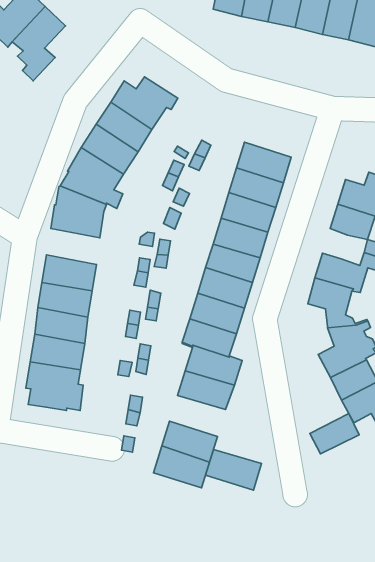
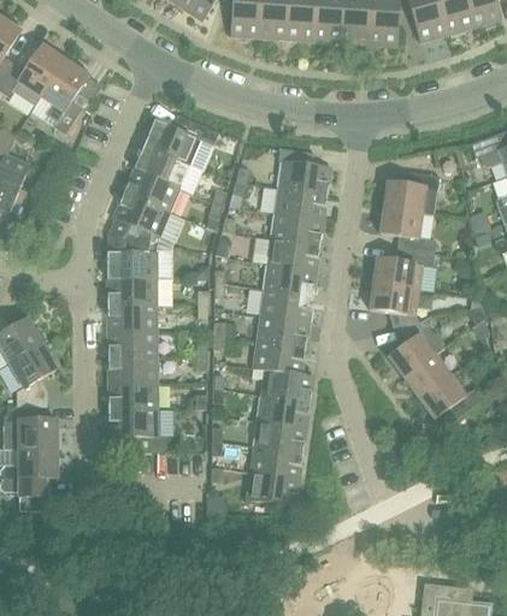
building: none -> [106,276,157,303]
building: [310,413,359,454] -> none
building: [206,449,262,490] -> [253,419,306,452]

